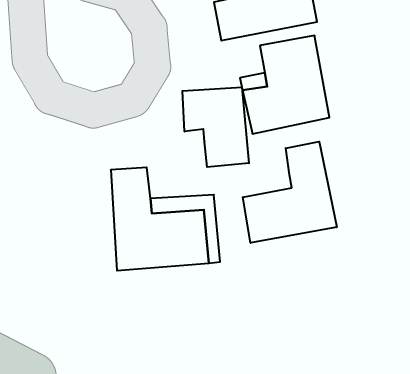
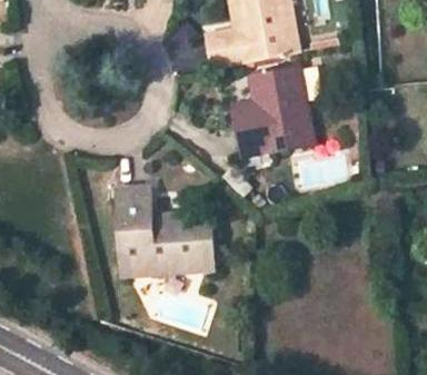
building: [182,87,249,167] -> none
building: [243,142,337,243] -> none

